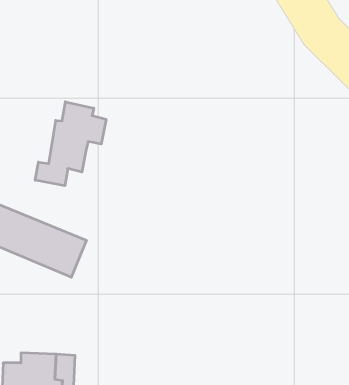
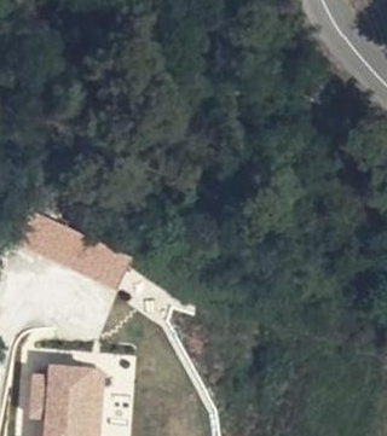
building: [35,102,106,186] -> none

